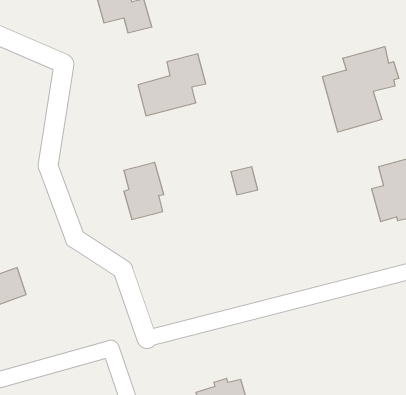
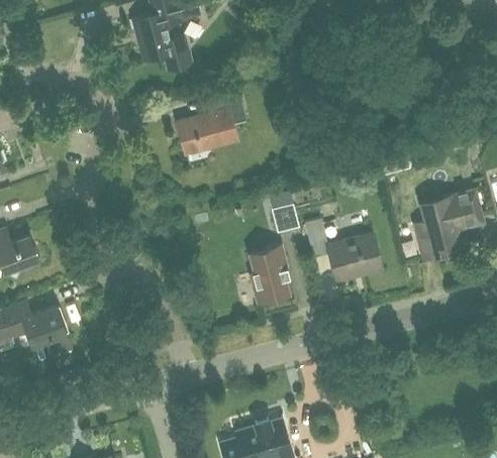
building: [323,47,399,132] -> none
building: [124,162,164,219] -> [250,246,290,304]
building: none -> [305,221,383,281]

